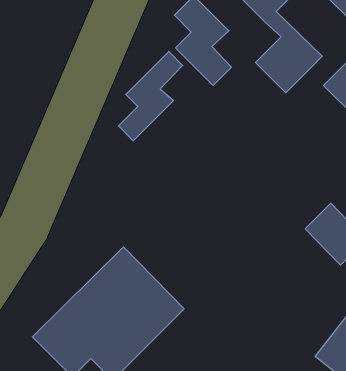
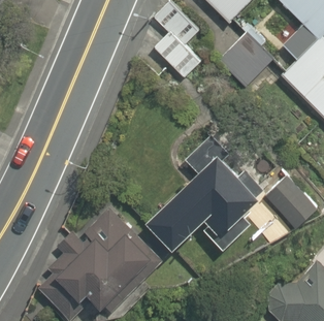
building: [118,51,183,141] -> none
building: none -> [140,135,264,254]

